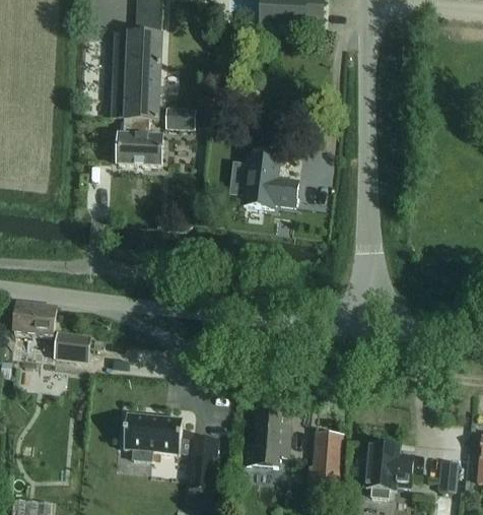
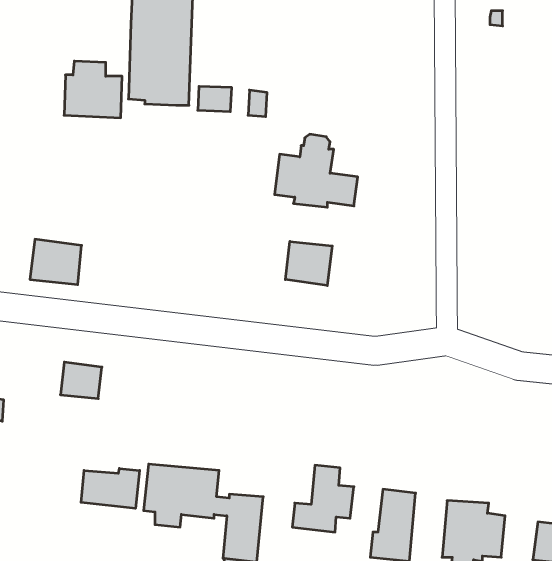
building: [116,122,162,168] -> [64,61,122,118]
building: none -> [285,241,332,286]
building: [14,301,56,337] -> [30,239,82,285]
building: none -> [81,468,140,508]

